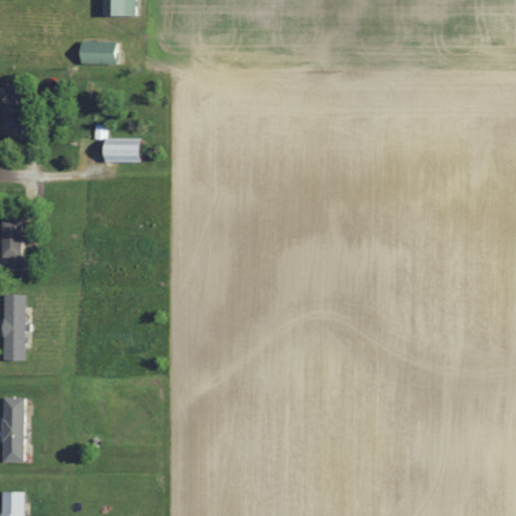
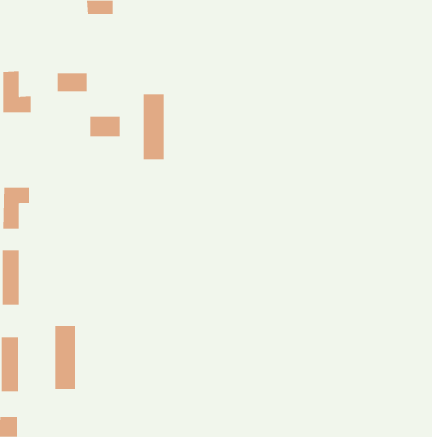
building: [81,42,117,64] -> [57,73,88,92]
building: none -> [143,94,164,160]
building: none -> [55,325,76,390]

